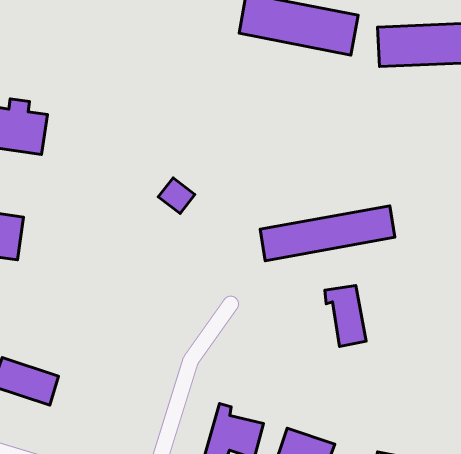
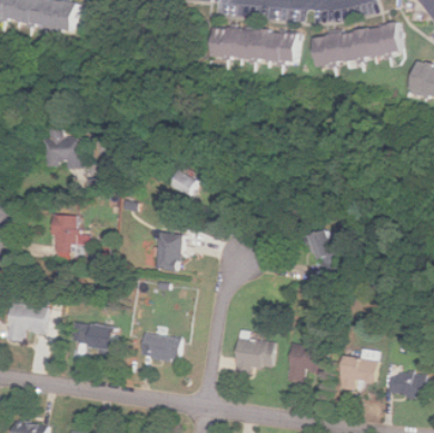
building: [260,206,395,261] -> none
building: none -> [152,229,184,272]
building: none -> [139,333,180,361]

